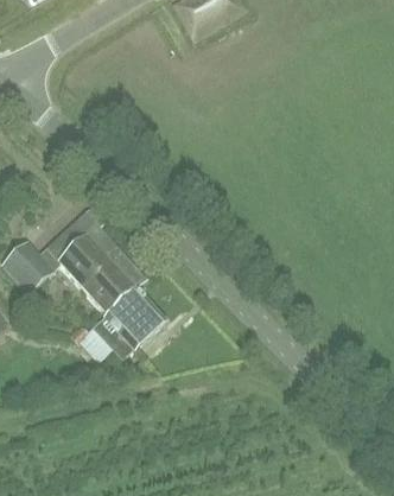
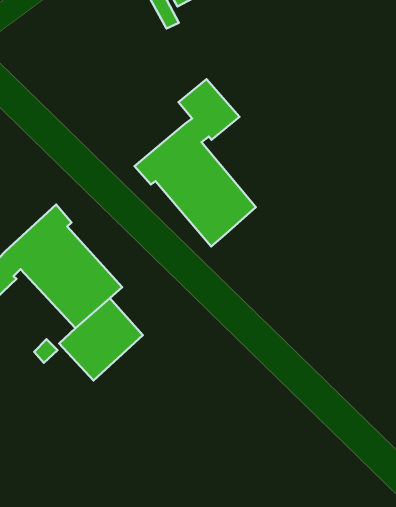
building: none -> [134,79,256,246]

